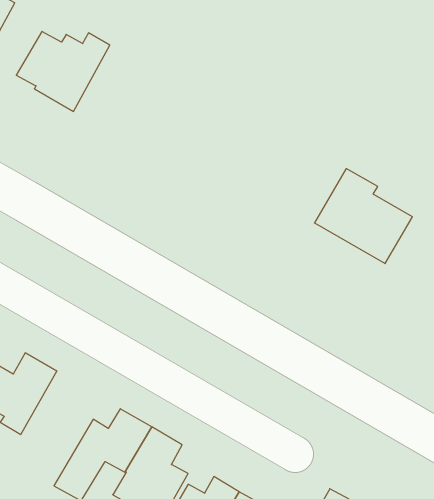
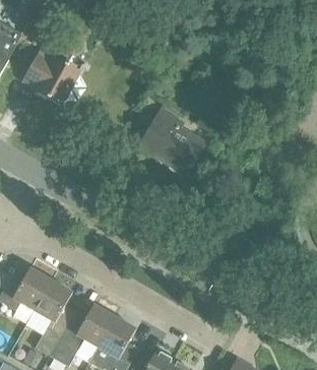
building: [314,169,412,264] -> [138,109,204,173]
building: none -> [25,279,74,356]

